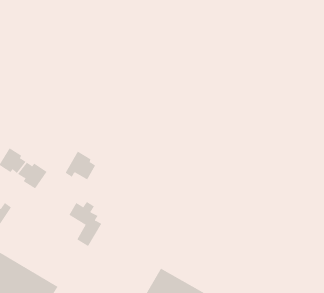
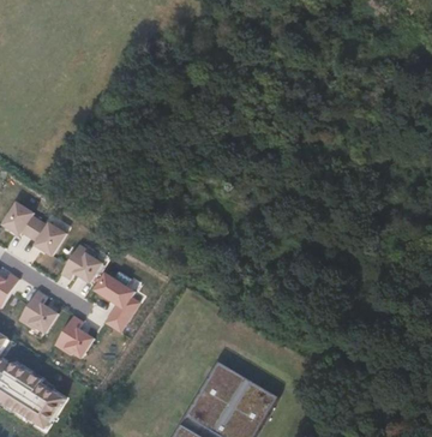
building: [65,151,96,180] -> [61,245,102,283]
building: none -> [18,292,59,335]
building: none -> [54,317,95,358]

